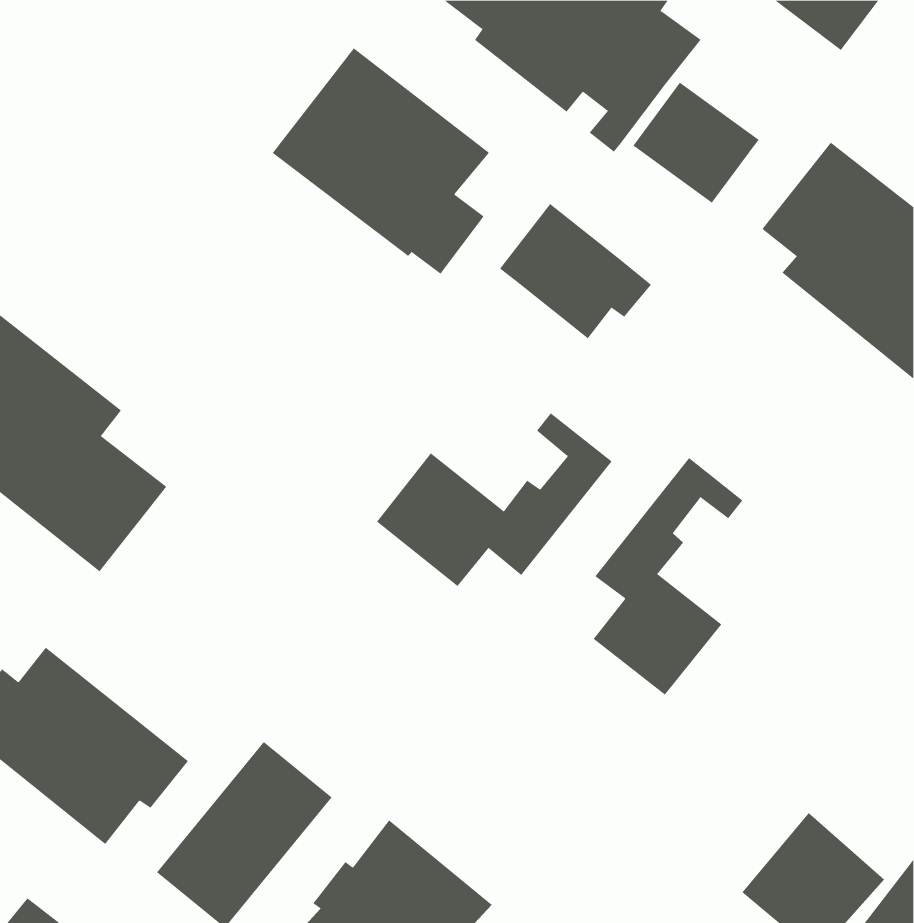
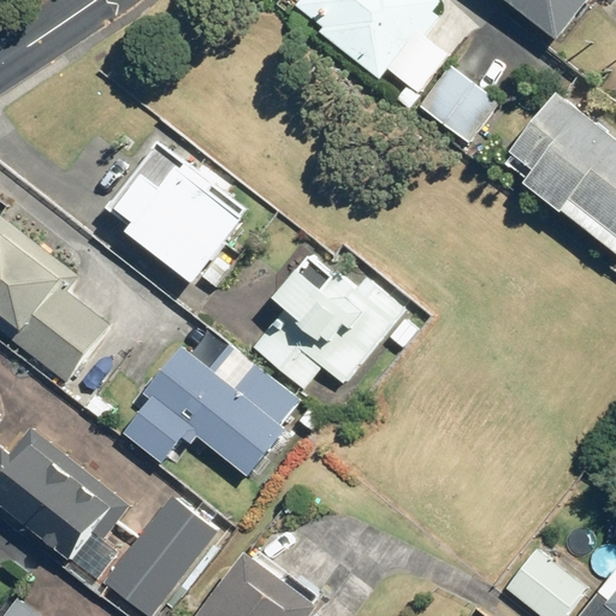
building: [272,47,490,275] -> [101,141,245,291]
building: [499,203,652,339] -> [274,251,375,342]
building: [593,457,743,696] -> none
building: none -> [125,342,297,478]

